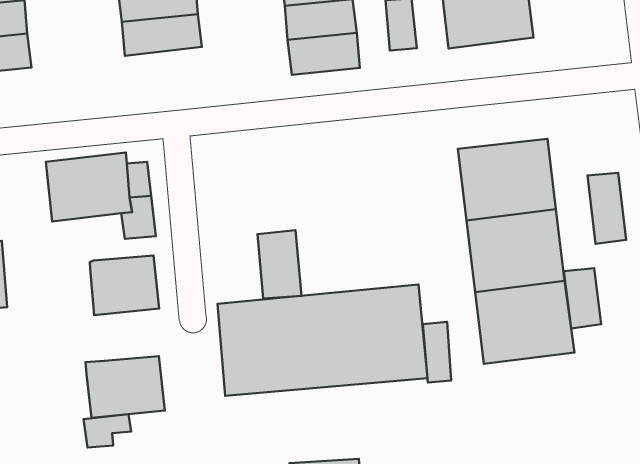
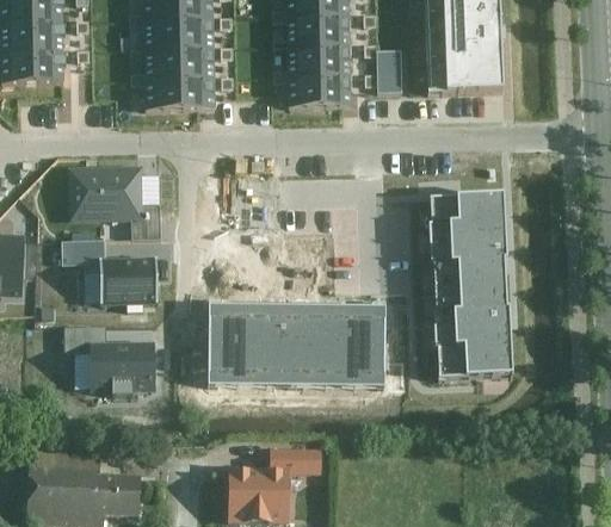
building: none -> [143,78,212,111]
building: [587,173,626,244] -> none
building: [258,230,301,298] -> none
building: none -> [58,240,101,264]
building: [564,268,601,329] -> none
building: [423,322,451,382] -> none
building: [84,414,131,448] -> [63,329,104,355]

